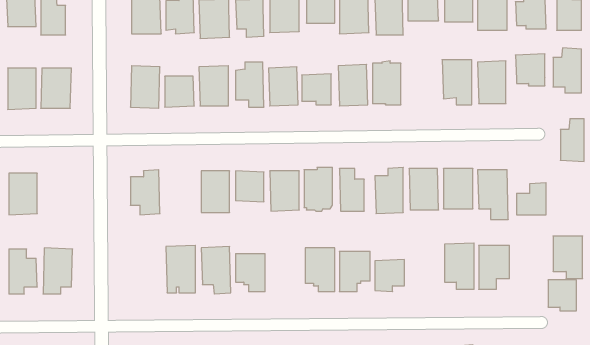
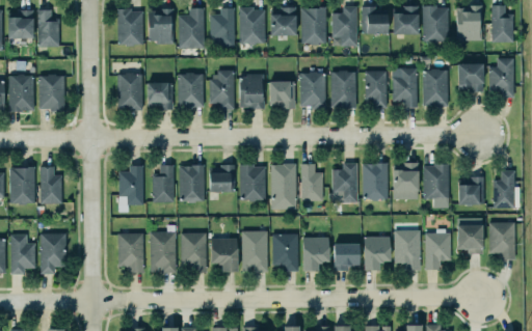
building: none -> [366,72,388,109]
building: [560,119,584,161] -> [494,171,514,209]
building: none -> [151,165,174,203]
building: none -> [39,166,62,203]
building: none -> [240,230,267,273]
building: none -> [116,232,143,273]
building: none -> [363,236,390,271]
building: [548,280,576,311] -> [456,226,481,253]

